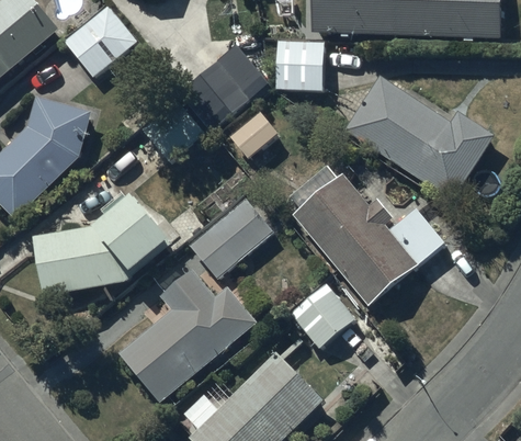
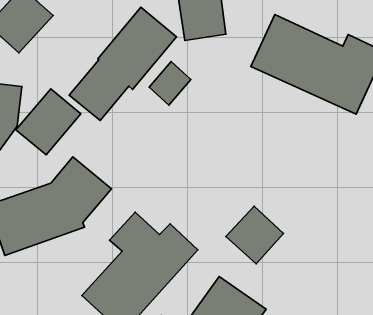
building: none -> [16,89,81,155]
building: [291,167,448,307] -> none
building: [188,195,273,278] -> none

